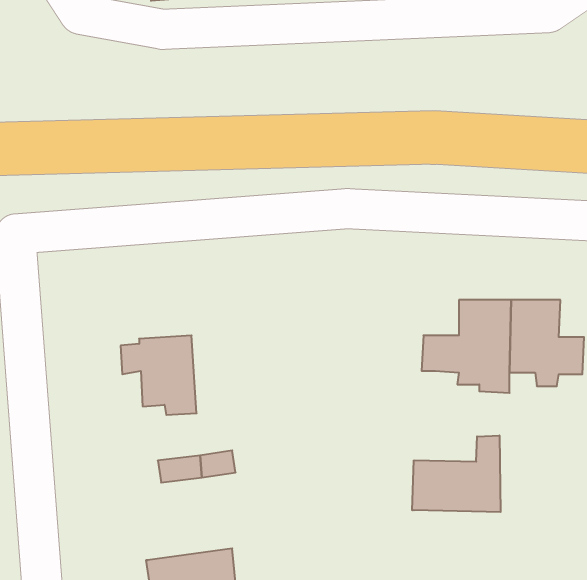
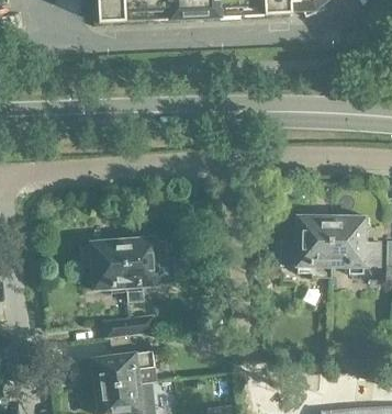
building: none -> [125,239,175,301]
building: [412,435,501,512] -> none
building: none -> [92,350,153,387]

